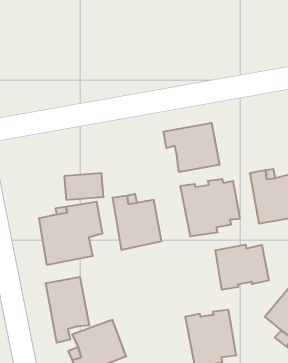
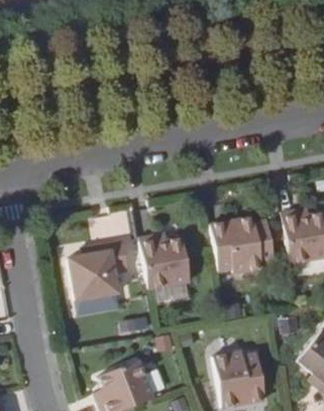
building: [164,123,219,172] -> none
building: [216,245,269,290] -> none
building: [46,277,89,343] -> none

